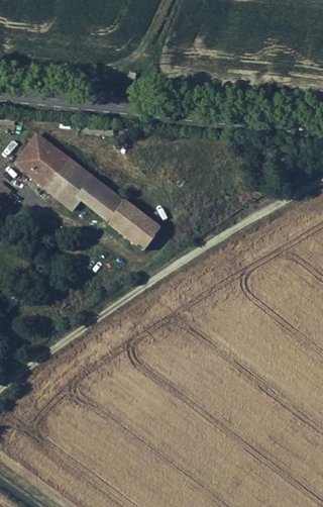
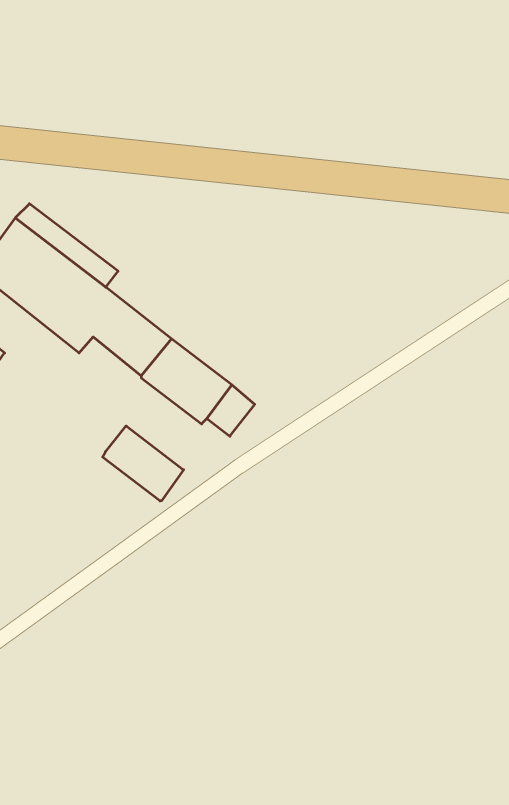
building: none -> [103,426,184,501]

